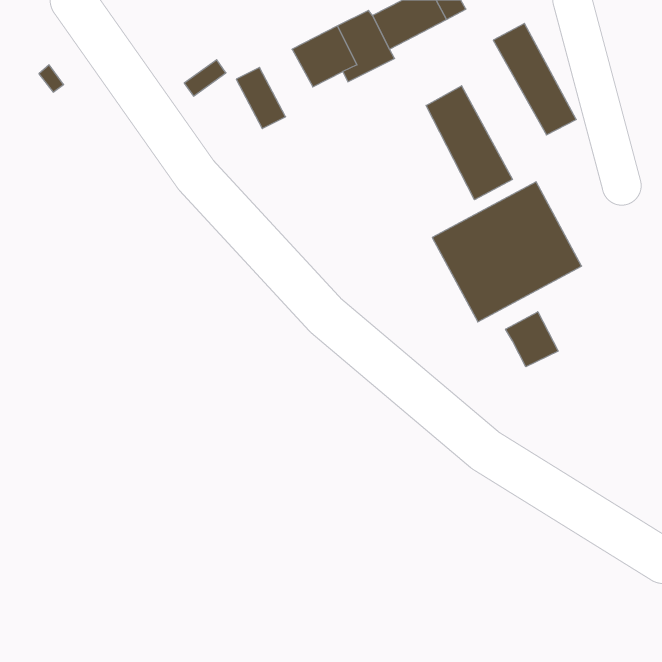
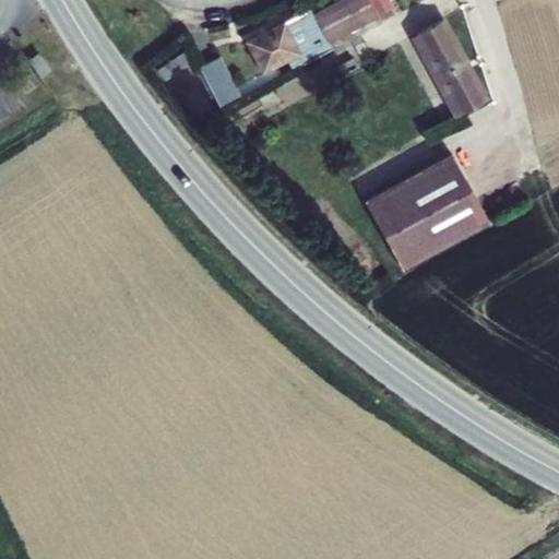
building: [426,86,512,200] -> none
building: [506,312,558,367] -> none

